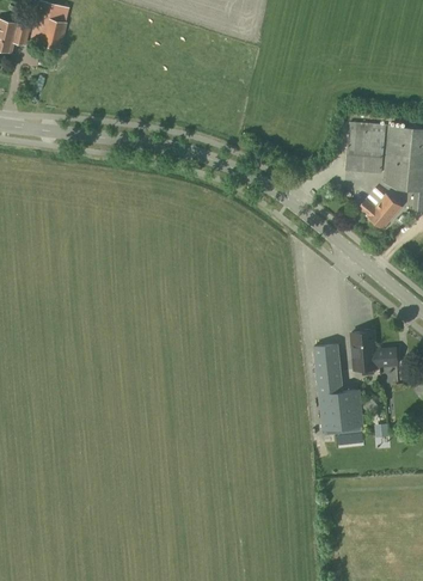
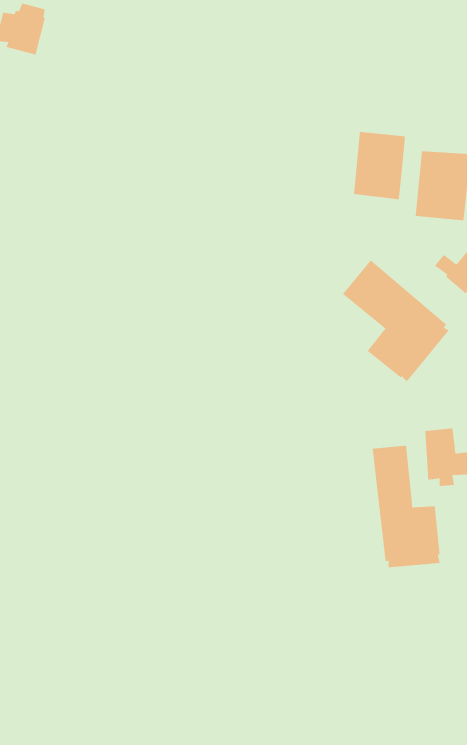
building: none -> [353,131,406,200]
building: none -> [342,259,449,382]

